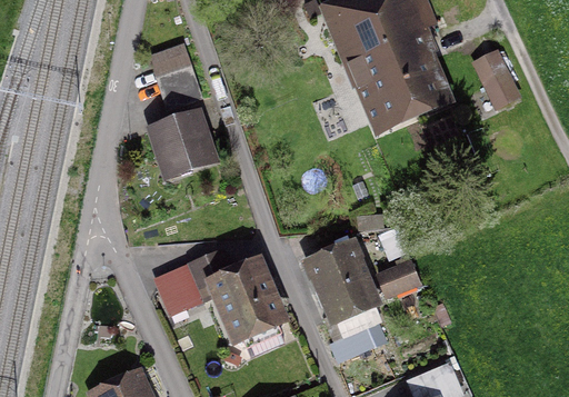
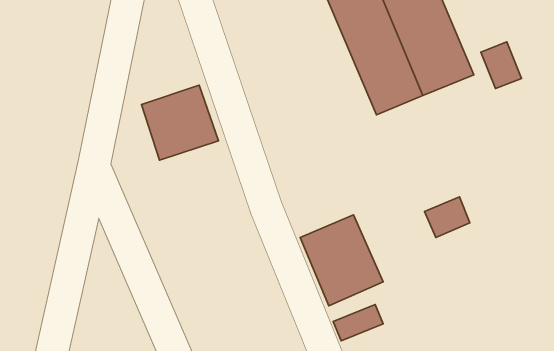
building: [147,40,199,107] -> none
building: [150,246,289,346] -> none
building: [380,260,425,300] -> [424,197,470,238]

